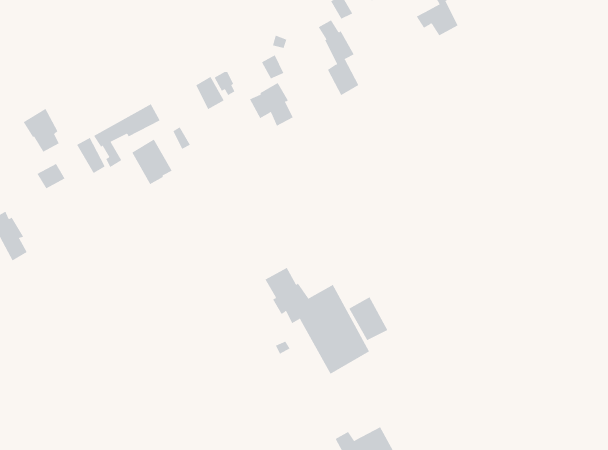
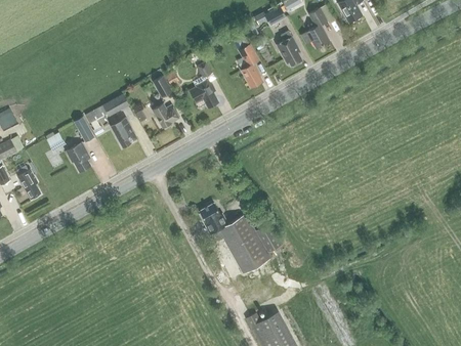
building: none -> [276,31,301,67]
building: [23,108,60,153] -> [66,142,90,172]
building: none -> [152,102,178,128]

